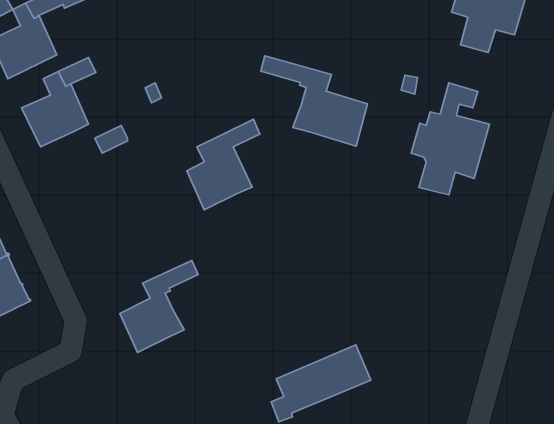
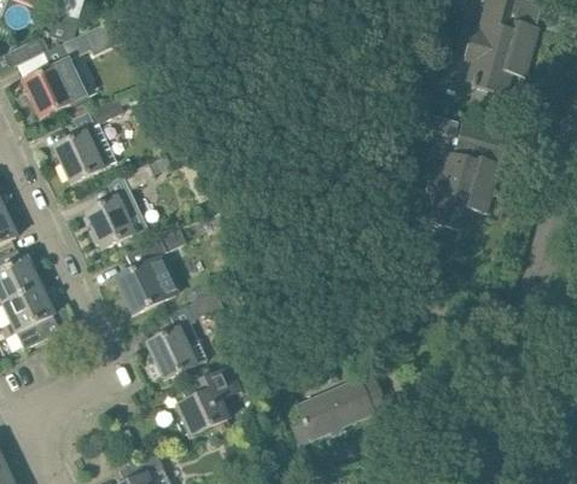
building: [261,56,368,146] -> none
building: [187,119,260,210] -> [115,228,185,315]
building: none -> [83,197,147,249]
building: none -> [175,365,240,439]

